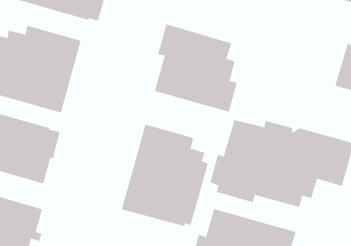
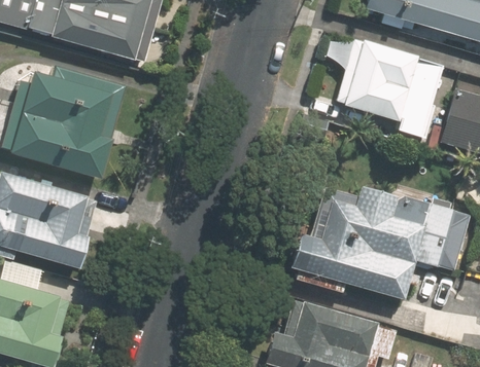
building: none -> [339,42,443,139]
building: [154,23,237,113] -> none
building: [121,124,209,227] -> none

